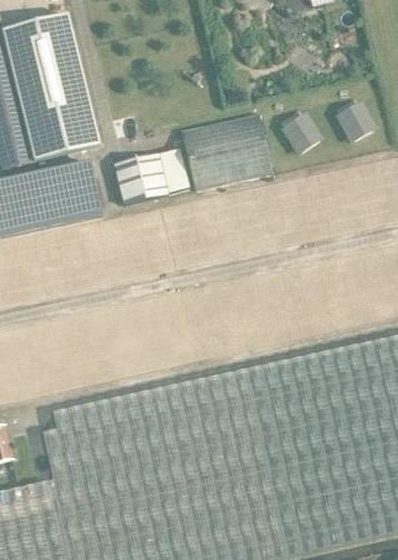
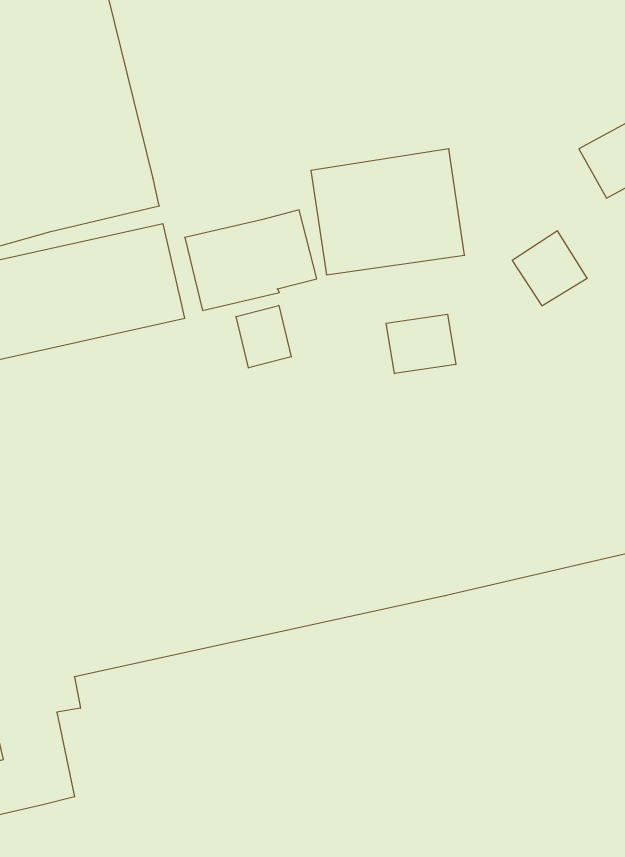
building: [281,112,324,154] -> [512,231,587,306]
building: none -> [236,305,291,368]
building: none -> [386,314,456,374]

